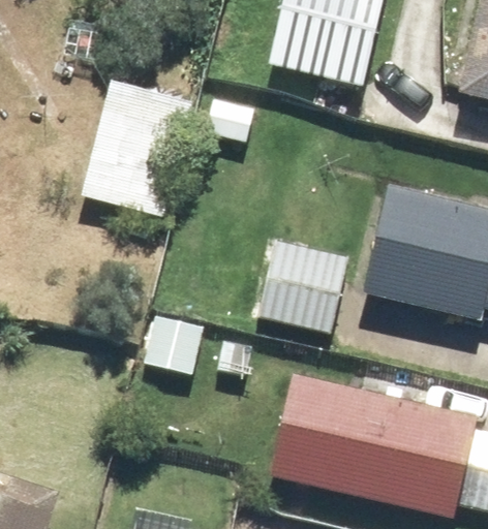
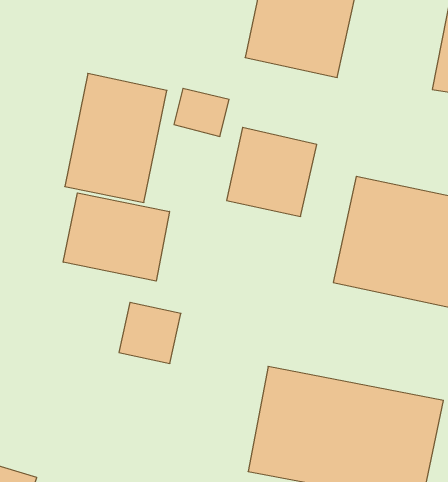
building: none -> [63,193,169,281]
building: [257,240,350,332] -> [227,127,317,216]

